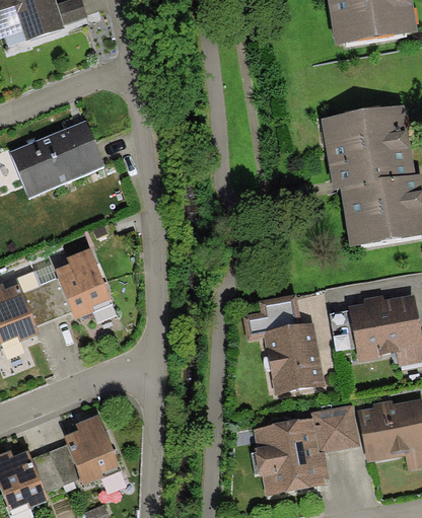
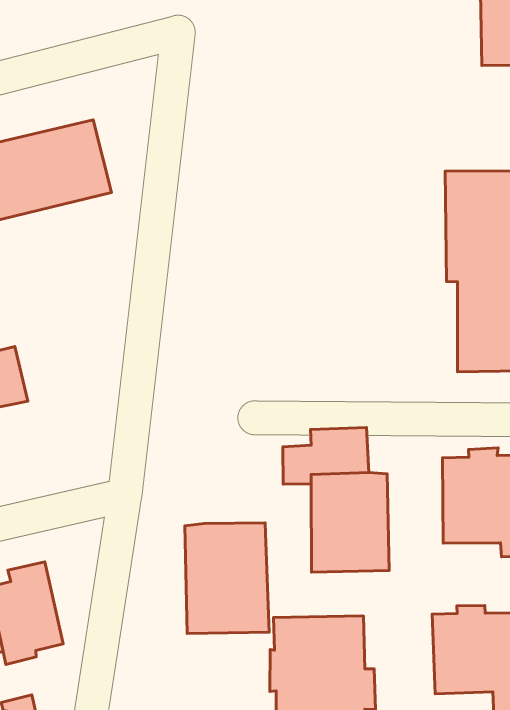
building: [56,248,113,318] -> none
building: none -> [185,523,269,634]
building: [311,403,360,452] -> none

